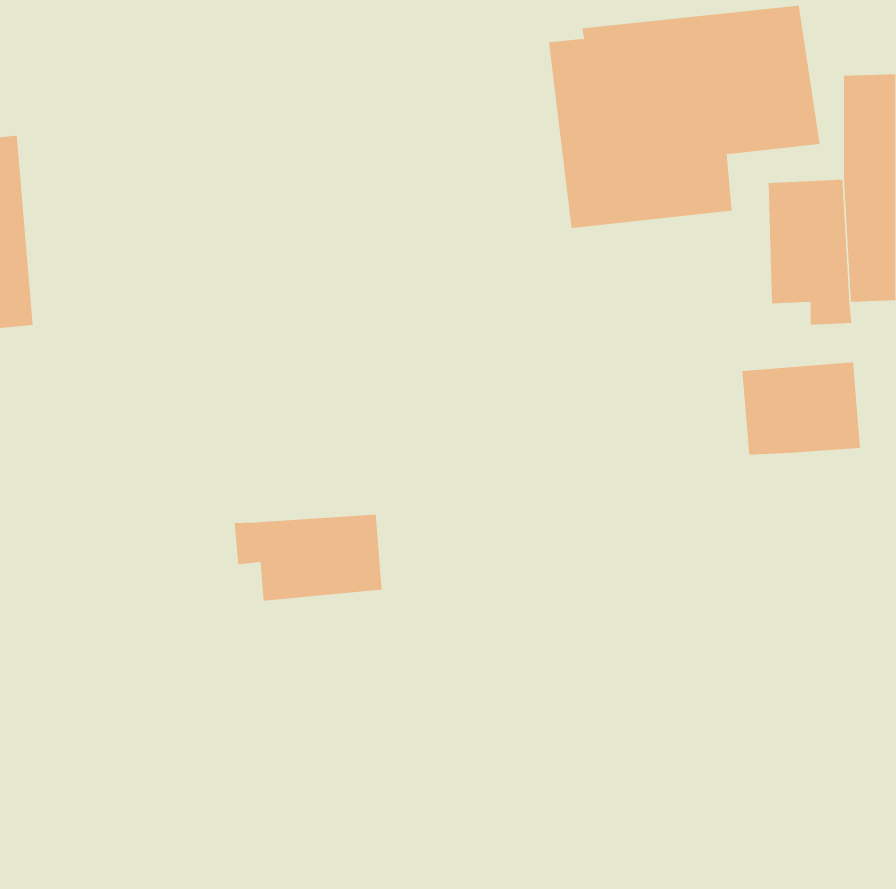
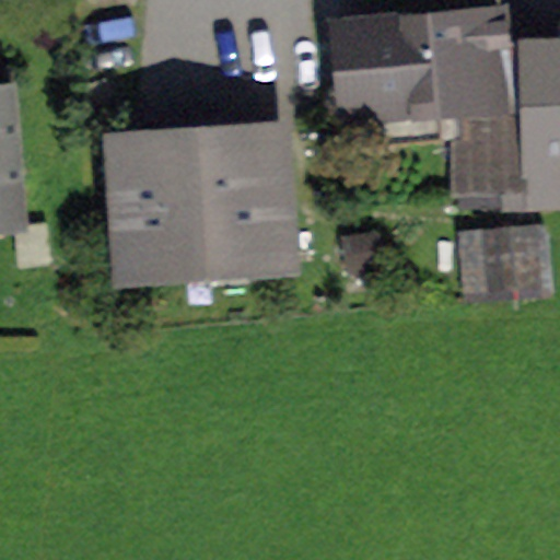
building: none -> [126,139,277,258]
building: [234,514,382,601] -> none

